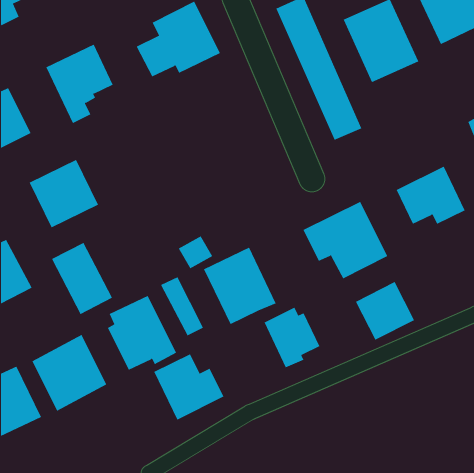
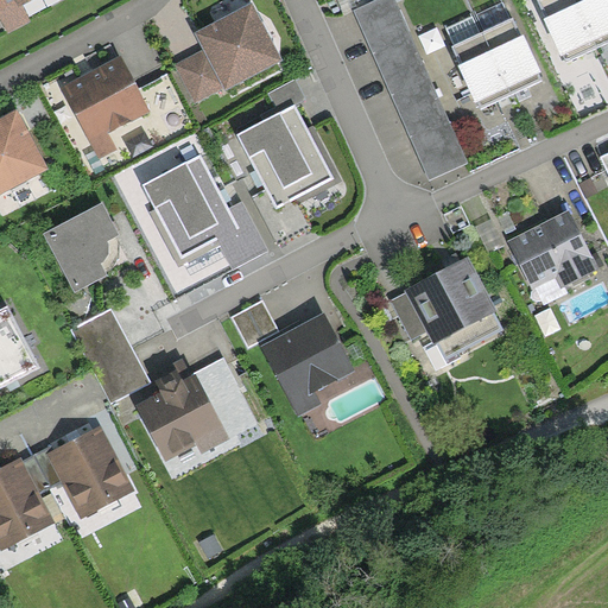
building: none -> [236,104,330,204]
building: none -> [141,154,235,254]
building: [355,281,415,341] -> none
building: [264,307,320,368] -> none
building: [154,353,224,420] -> none

